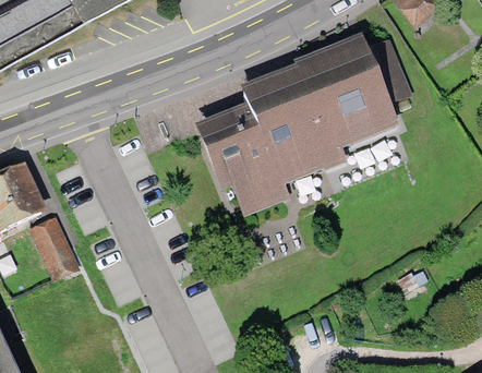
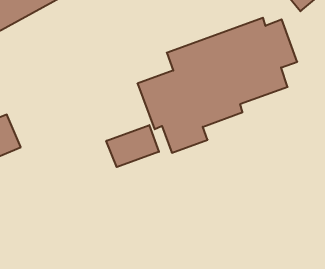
building: none -> [106,125,159,167]
building: [31,215,77,281] -> none

